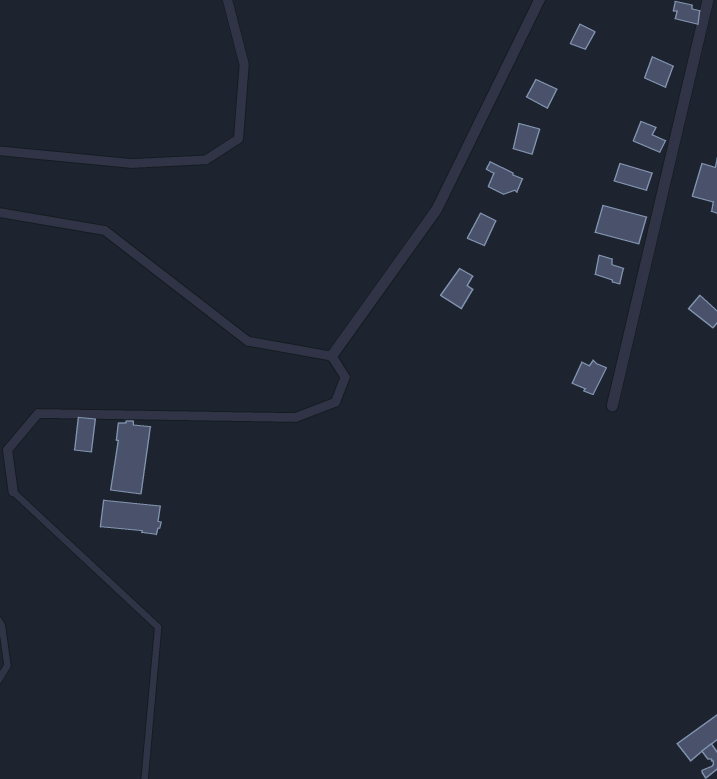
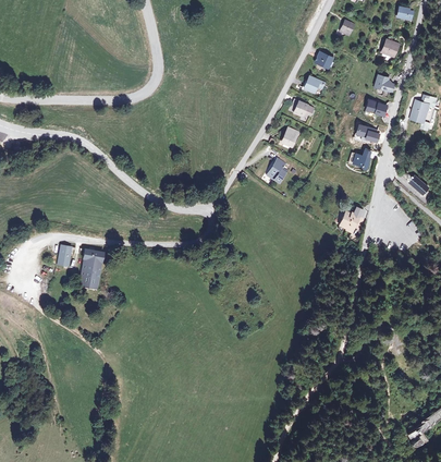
building: [101,500,161,535] -> none

